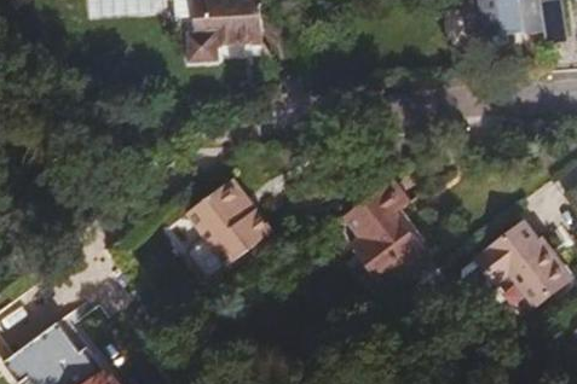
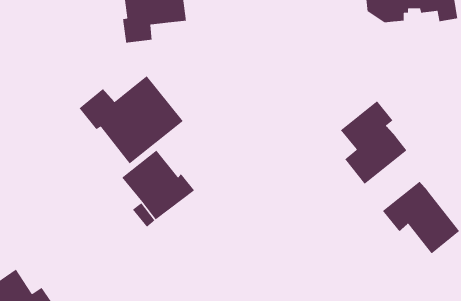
building: none -> [79,75,184,164]
building: [345,188,421,284] -> [340,100,407,185]

